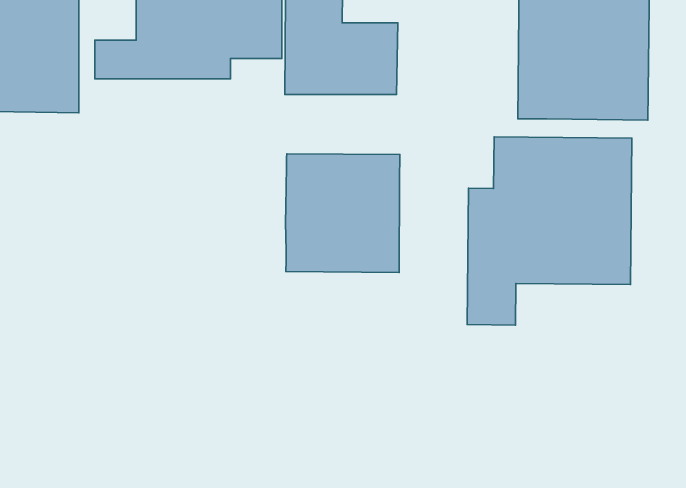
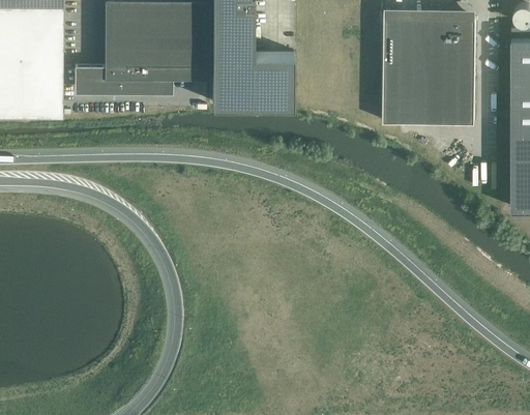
building: [467,137,632,325] -> none
building: [286,154,400,272] -> none

